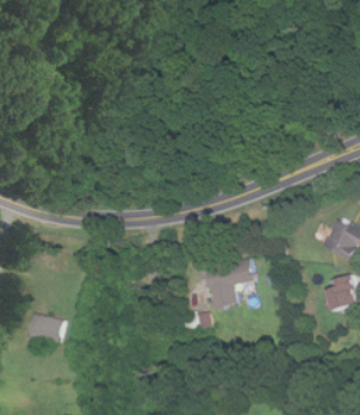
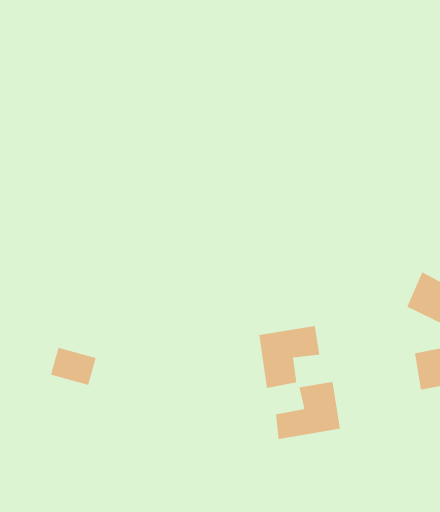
building: none -> [275,381,341,440]
building: [29,311,64,341] -> [50,347,96,386]

